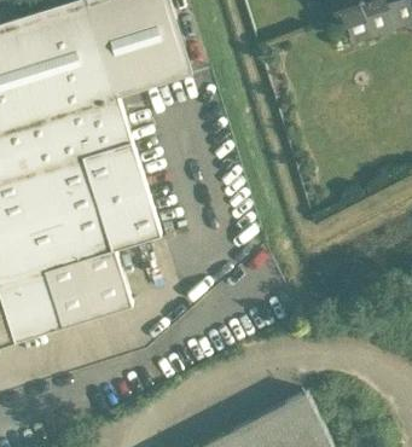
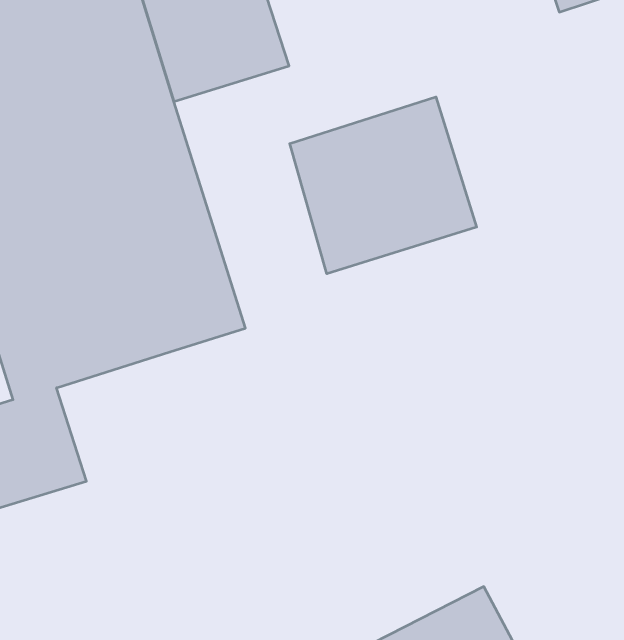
building: none -> [290,97,477,274]
building: [45,249,132,327] -> none

